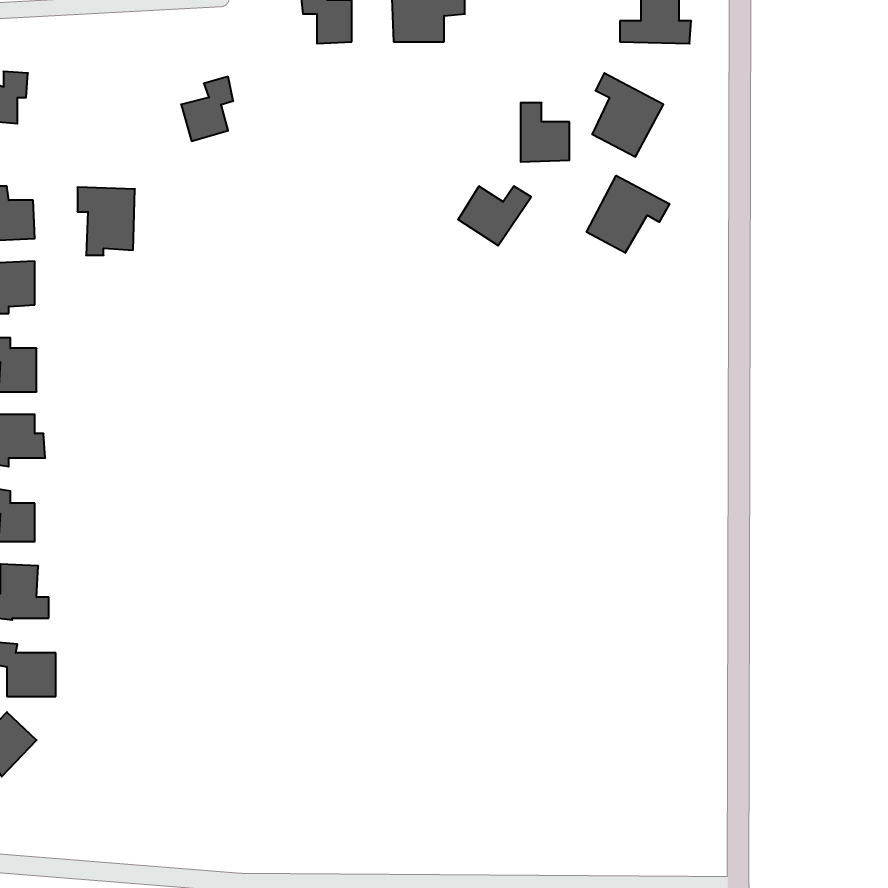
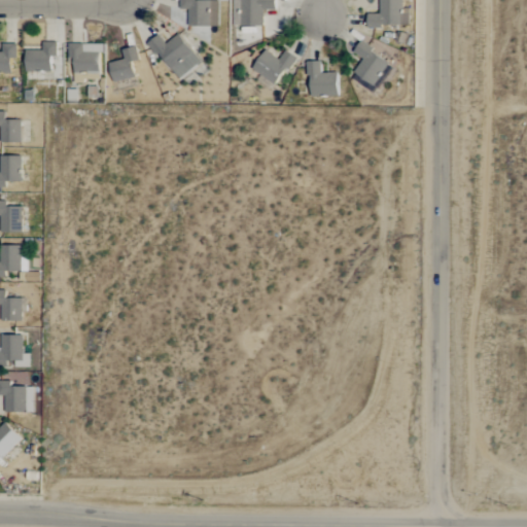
building: none -> [147,33,201,79]
building: none -> [25,41,57,71]
building: [587,176,669,253] -> none
building: [458,186,531,246] -> [251,49,294,84]
building: [77,187,135,255] -> [67,42,101,82]

